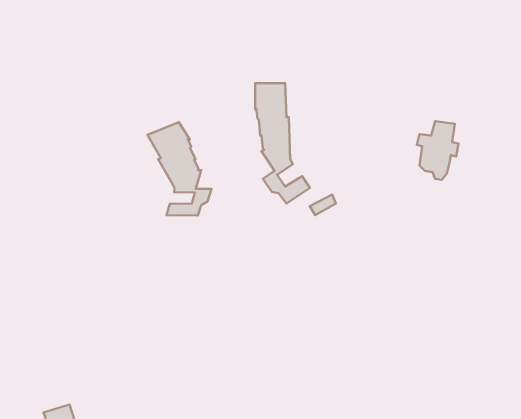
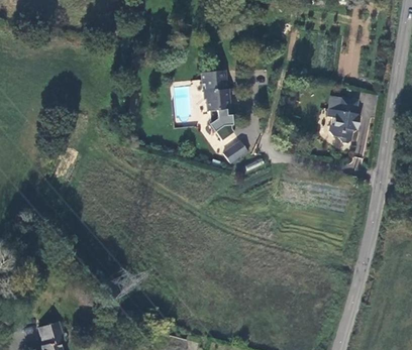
building: [148,122,211,216] -> none

